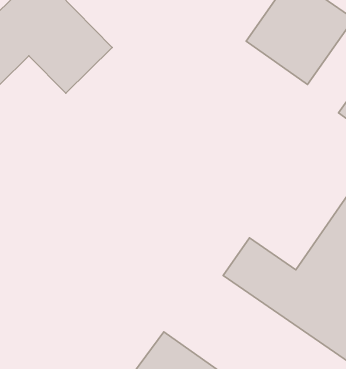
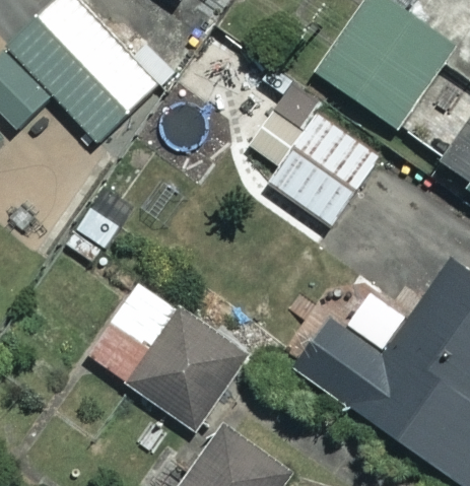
building: none -> [266,111,378,225]
building: none -> [85,280,247,431]

